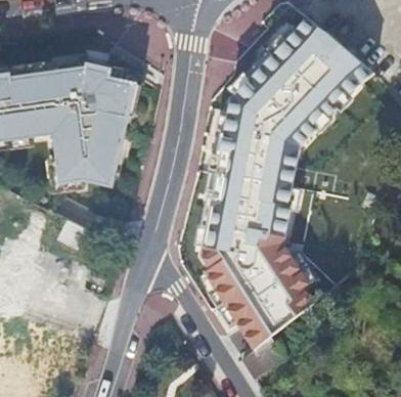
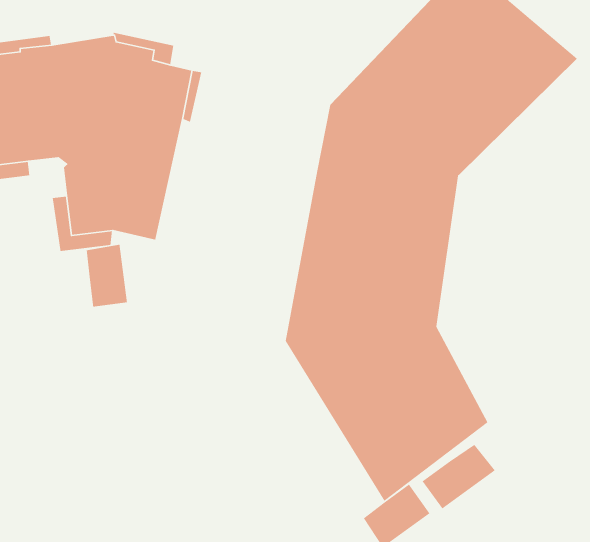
building: none -> [86,244,128,308]
building: none -> [421,444,496,510]

